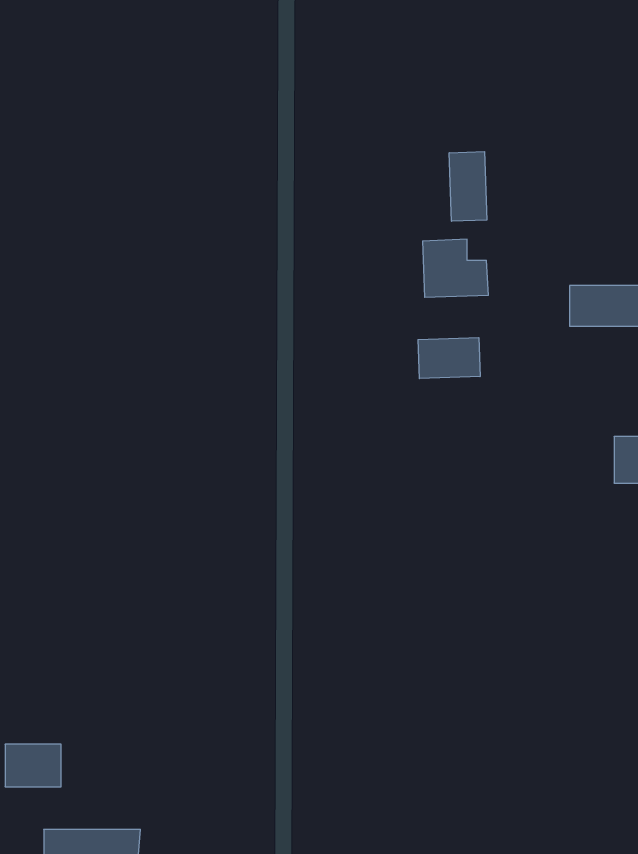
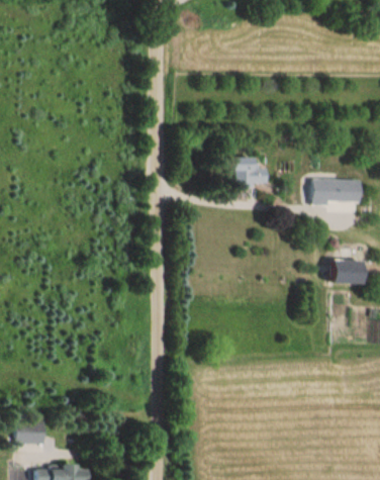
building: [449,152,487,221] -> none
building: [418,338,480,379] -> none

